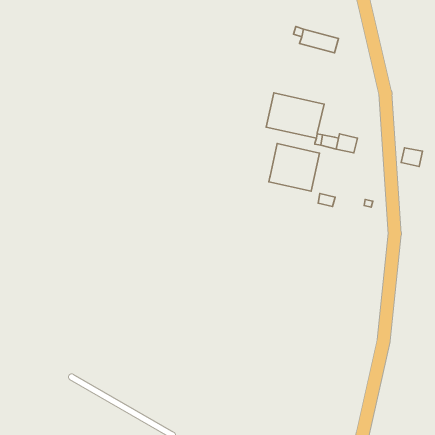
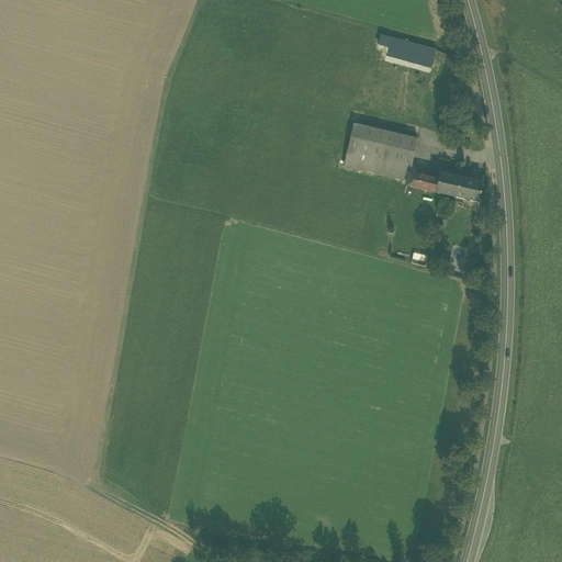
building: [269,144,320,191] -> none
building: [401,148,422,167] -> [457,178,484,202]

